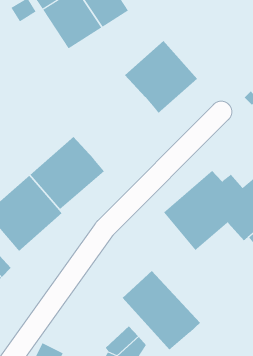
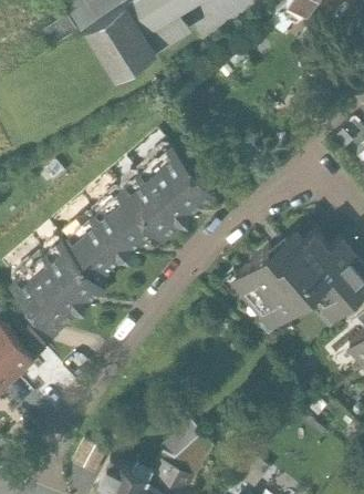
building: [124,40,198,114] -> [119,144,210,235]
building: [122,270,201,350] -> none

